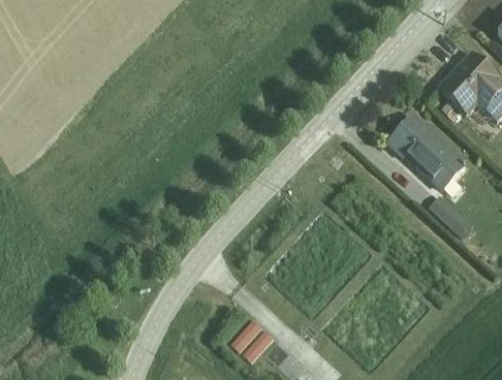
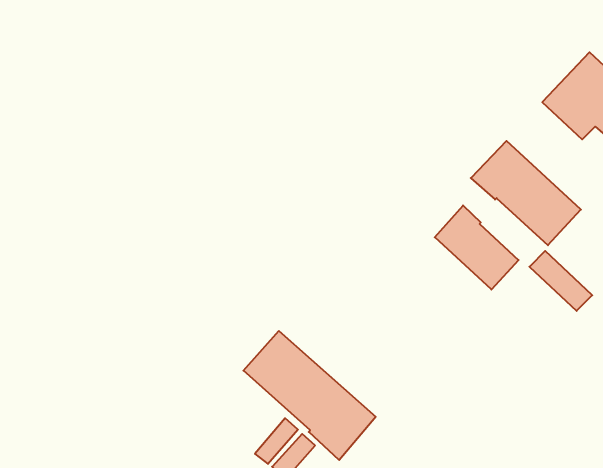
building: none -> [435,205,519,290]
building: none -> [243,331,376,460]

